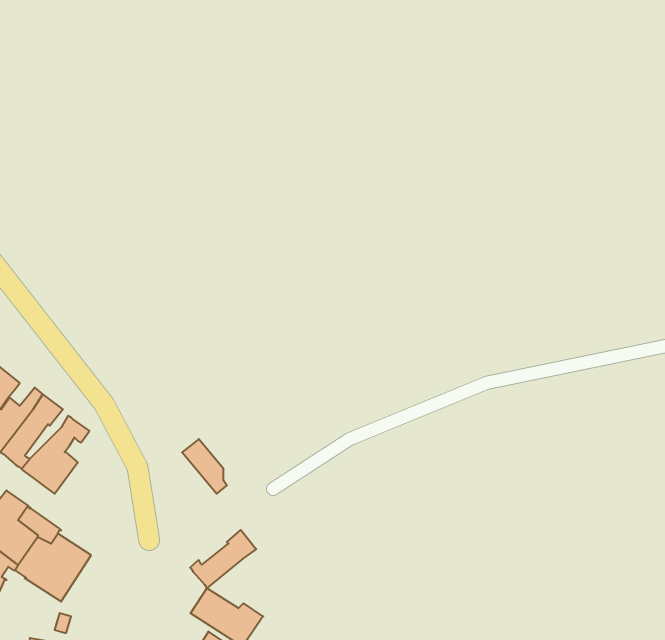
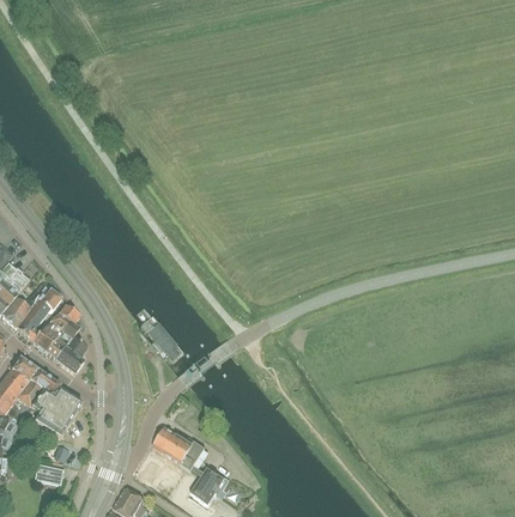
building: none -> [55,318,87,373]
building: [190,530,256,588] -> none

